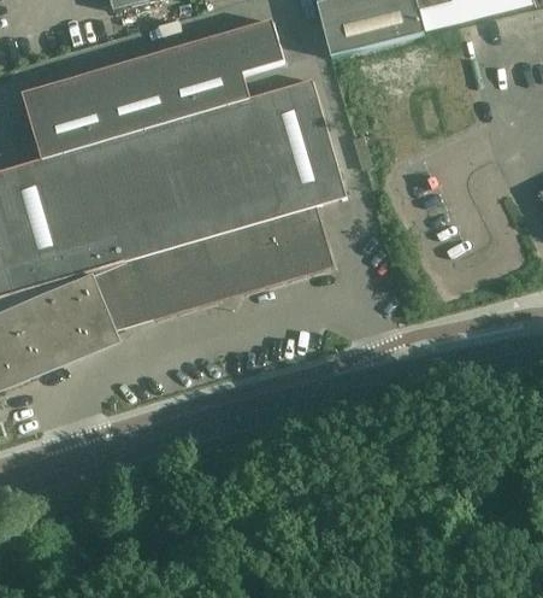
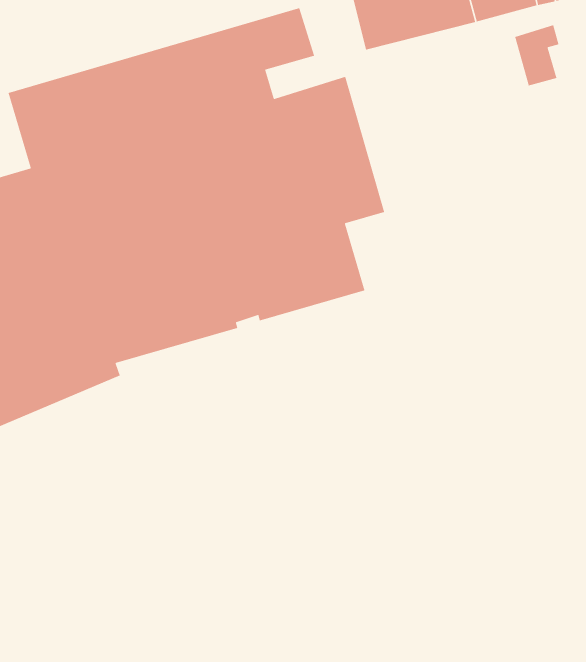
building: none -> [514,24,559,87]

